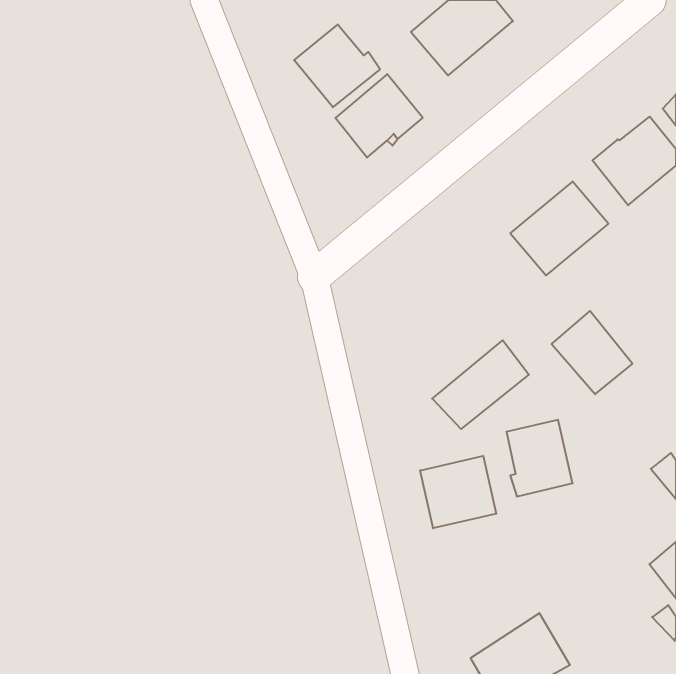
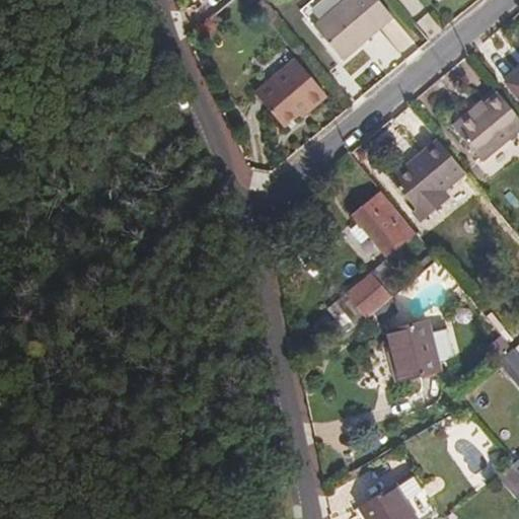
building: [294,24,380,107] -> none
building: [552,311,632,394] -> [353,192,415,255]
building: [420,456,496,528] -> none

